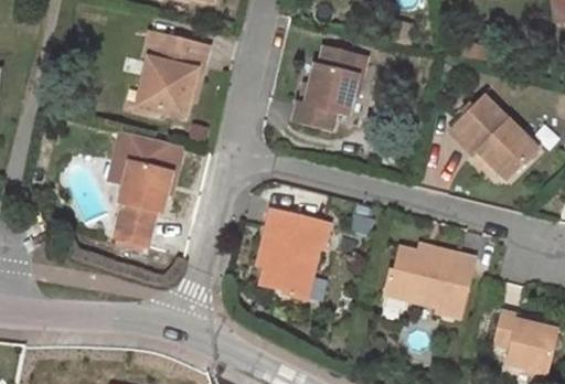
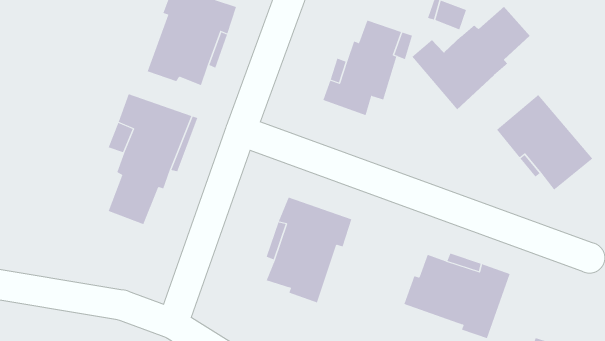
building: none -> [411,6,530,110]

